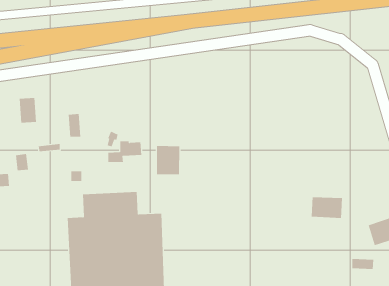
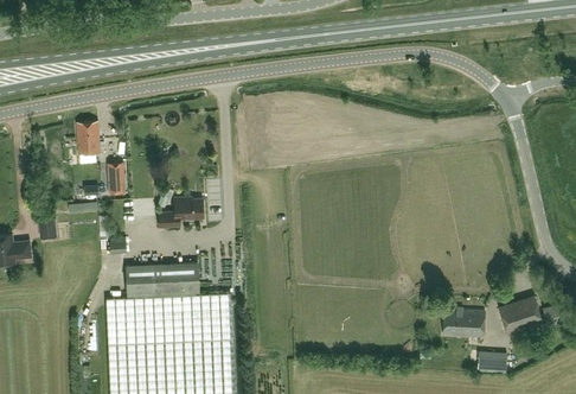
building: [19,98,37,123] -> [76,121,100,154]
building: [156,145,180,175] -> none
building: [311,197,343,219] -> [443,310,485,338]

